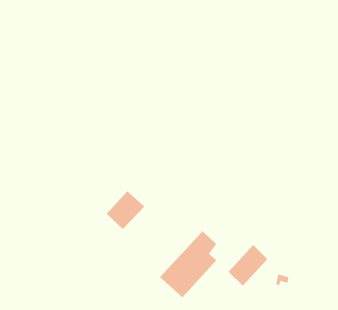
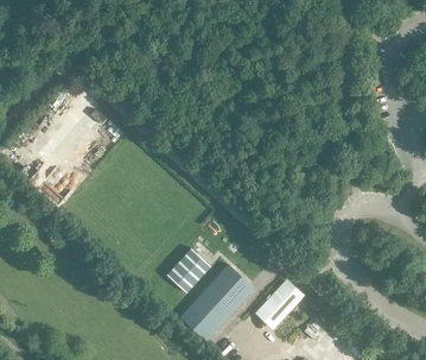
building: [106,191,145,230] -> [166,248,210,292]

